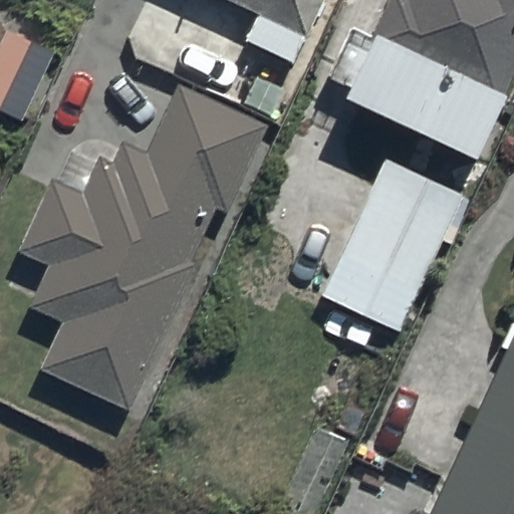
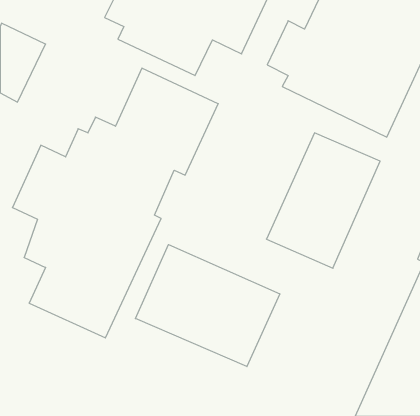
building: none -> [135,245,280,367]

